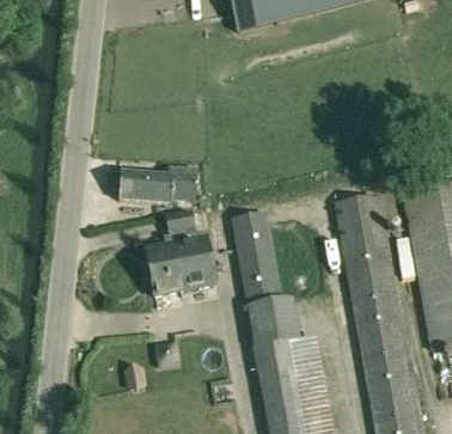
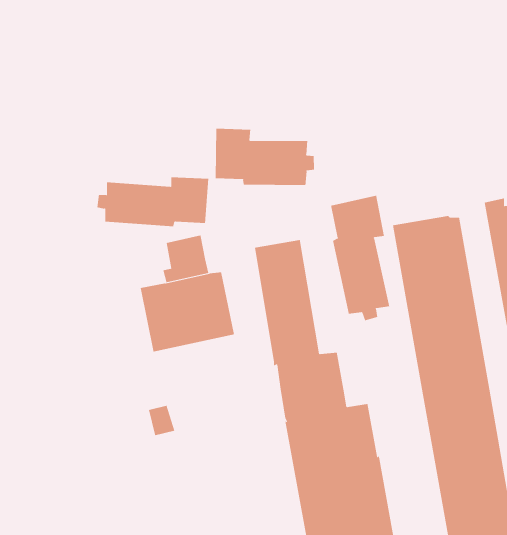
building: none -> [215,128,314,186]
building: none -> [331,195,390,321]

